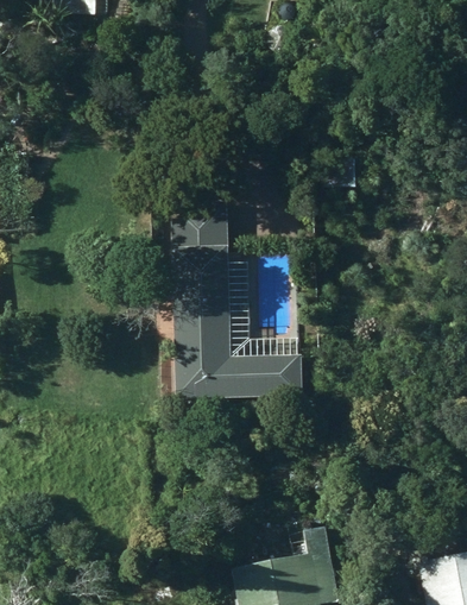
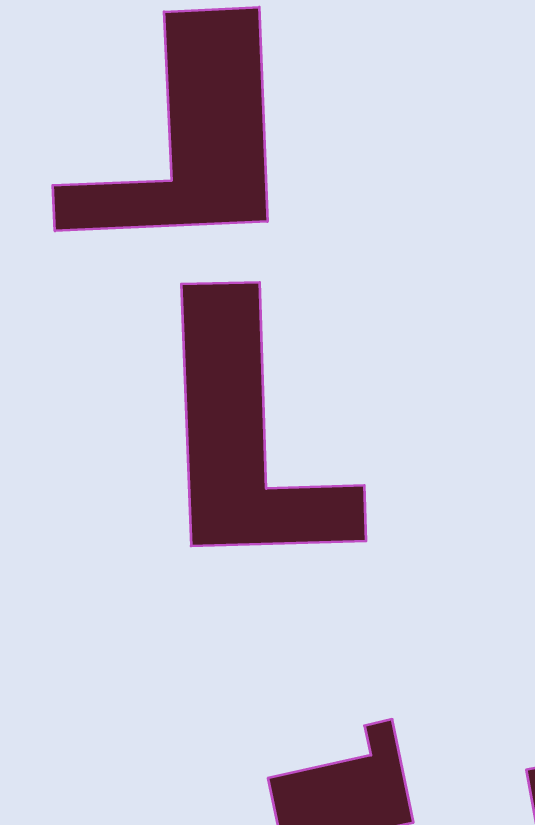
building: none -> [53,7,267,231]

